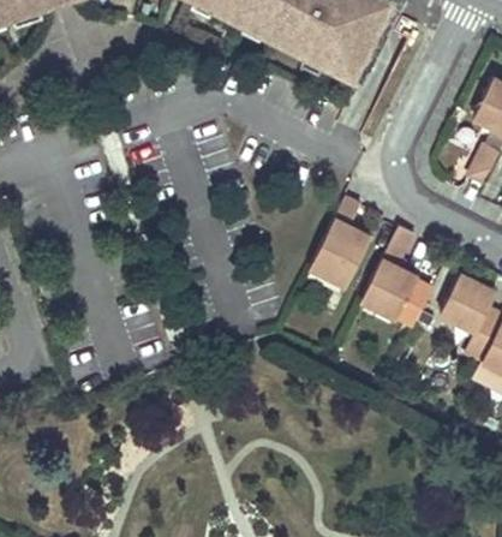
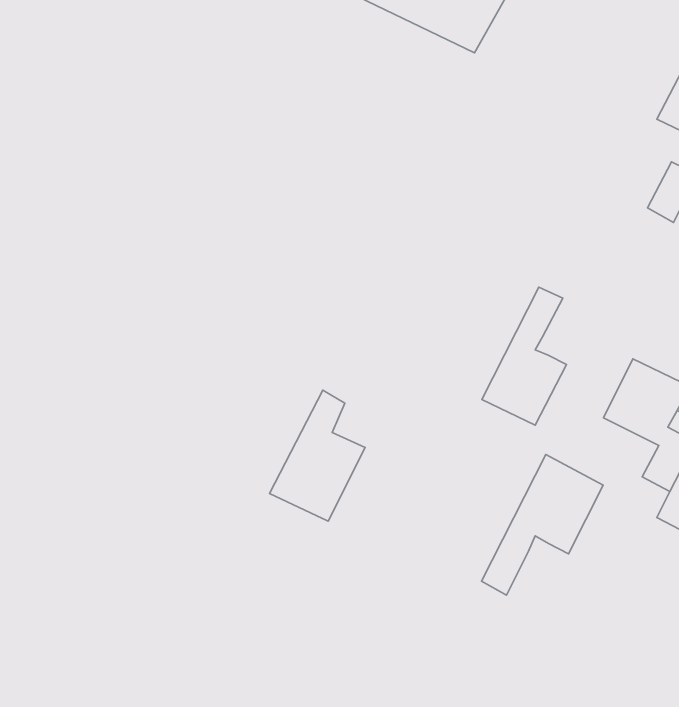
building: [309,199,371,285] -> [269,390,365,521]
building: none -> [481,454,603,595]

